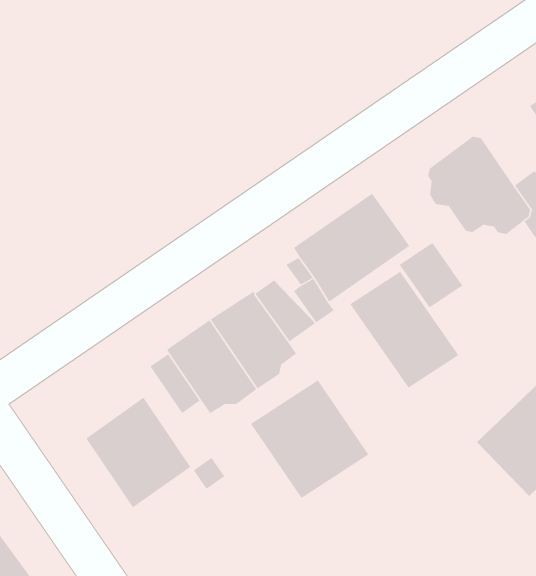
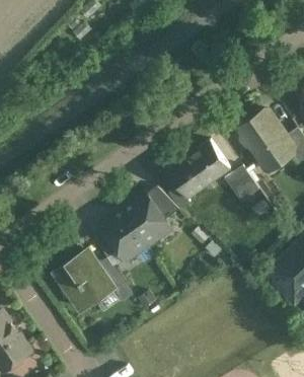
building: [350,271,459,388] -> none
building: [250,379,369,499] -> none

